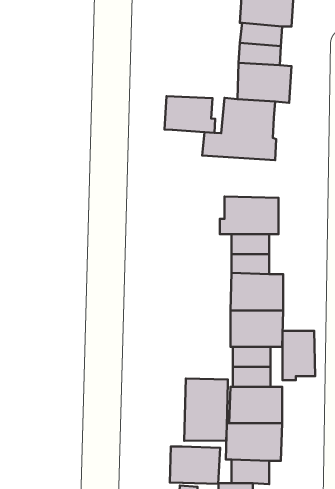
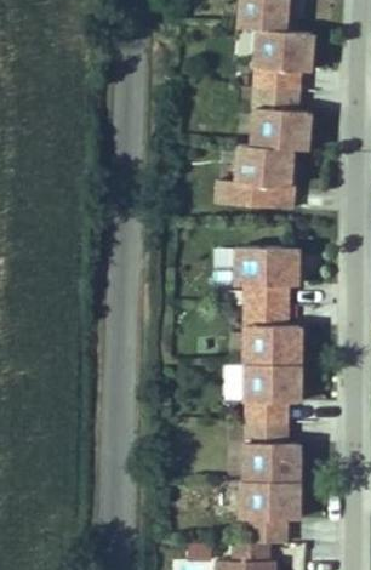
building: [164,96,215,133] -> none
building: [283,331,315,380] -> none
building: [184,378,228,441] -> none
building: [170,446,220,484] -> none

